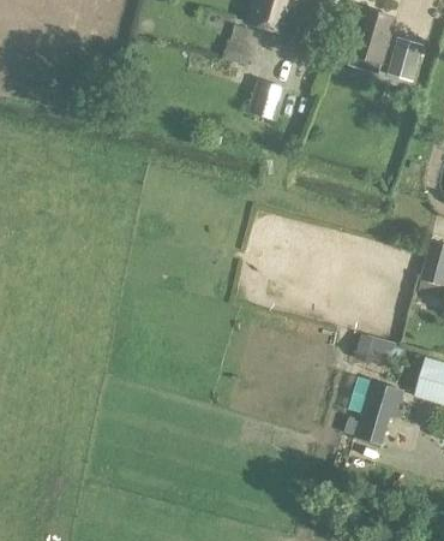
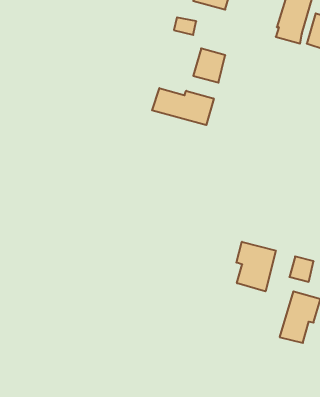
building: none -> [152,88,214,125]
building: none -> [236,242,276,291]

